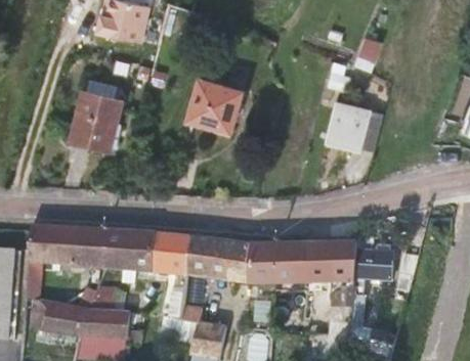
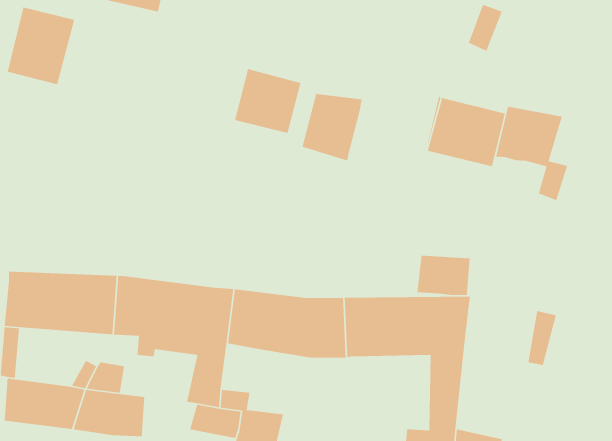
building: [72,92,120,147] -> [7,6,75,85]
building: none -> [301,93,362,161]
building: none -> [495,106,568,201]
building: [353,250,391,278] -> [416,255,470,296]

